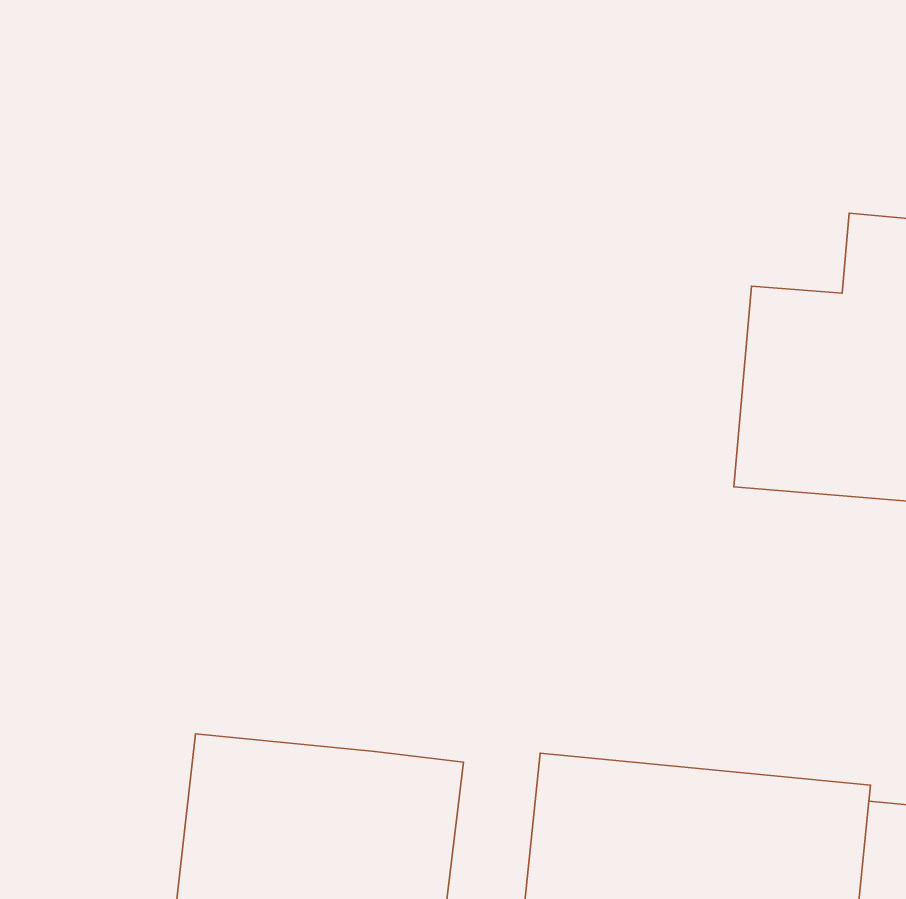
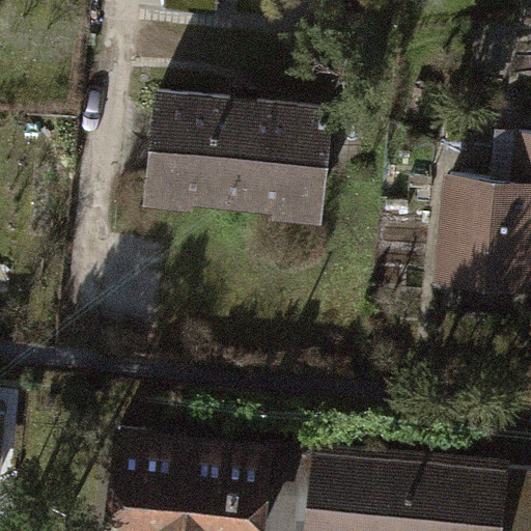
building: none -> [144,91,338,226]

